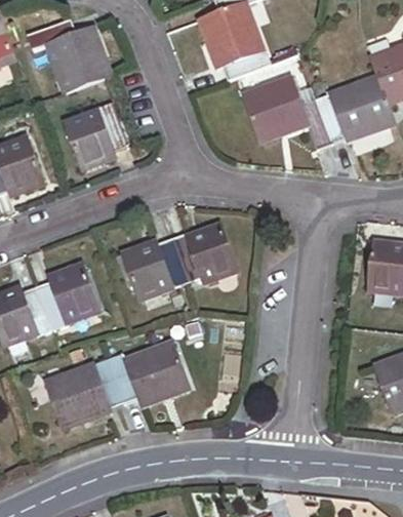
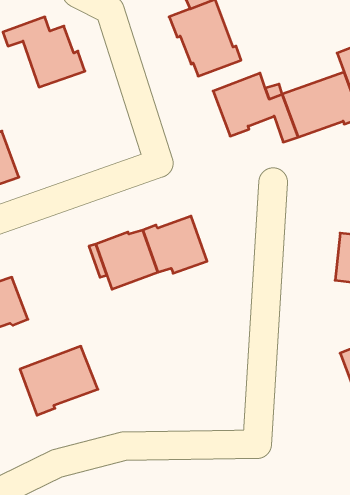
building: [65,102,127,168] -> none
building: [37,262,100,328] -> none
building: [108,340,189,400] -> none

